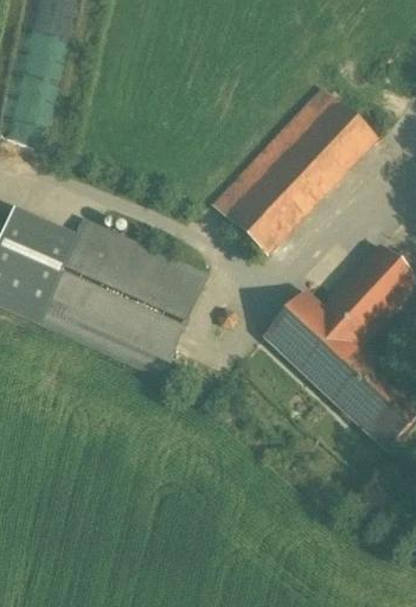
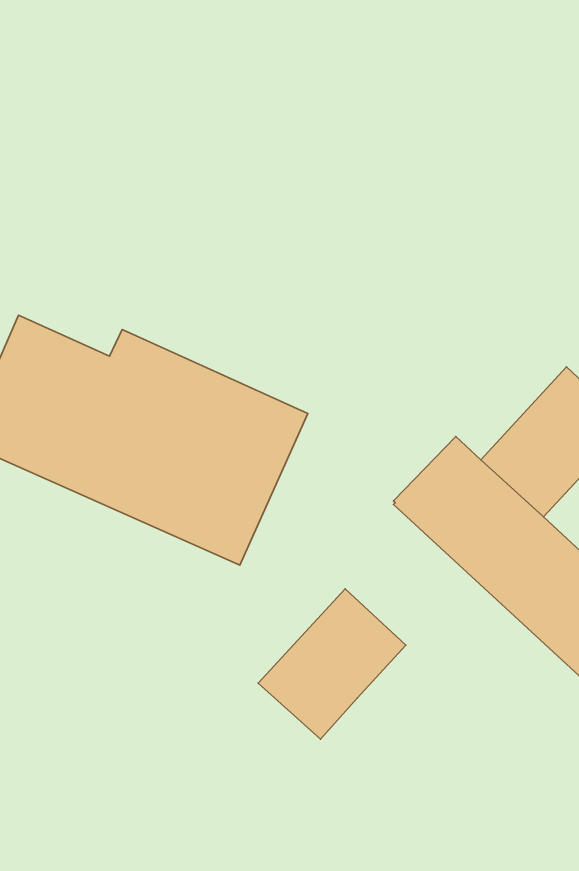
building: [212,87,377,255] -> none
building: none -> [258,589,406,739]

